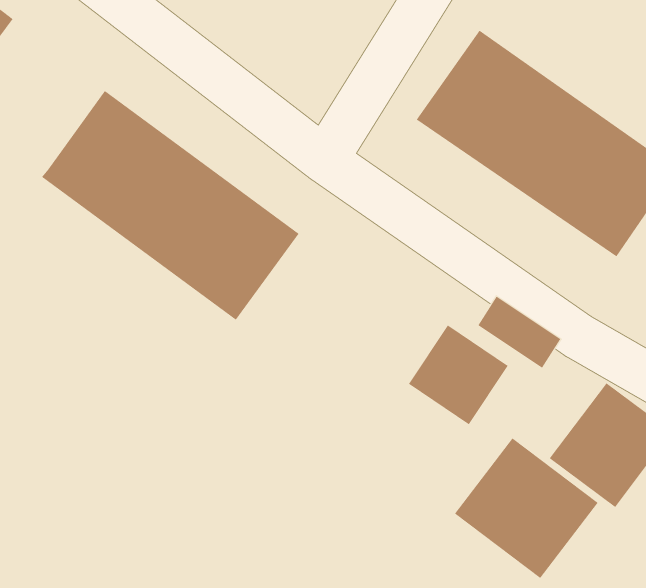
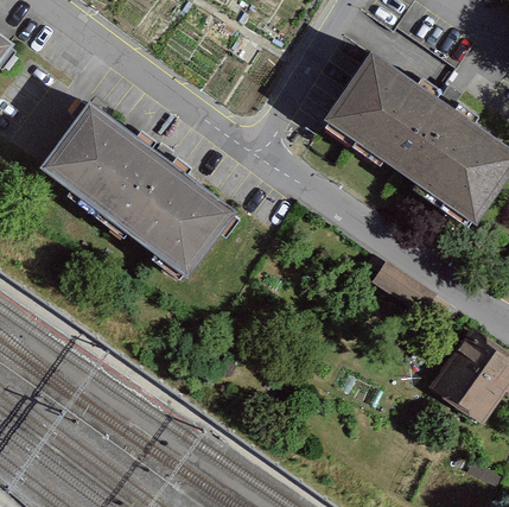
building: [408,324,509,425] -> none
building: [454,438,599,579] -> none

